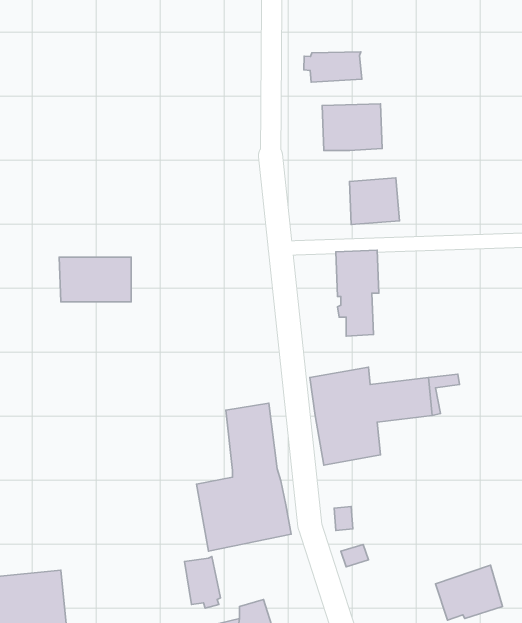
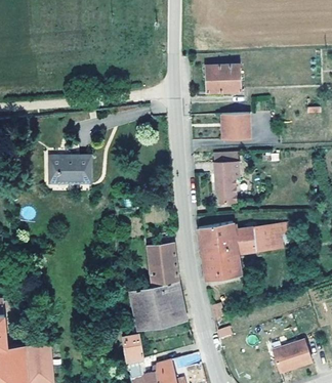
building: [304,52,362,82] -> none

